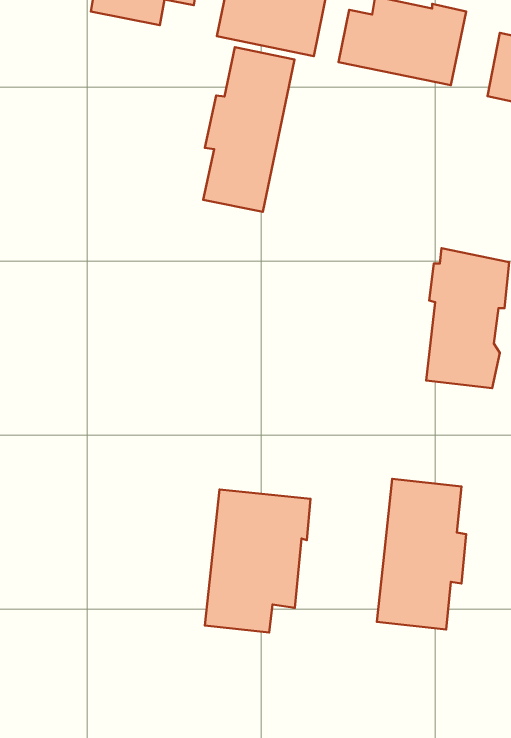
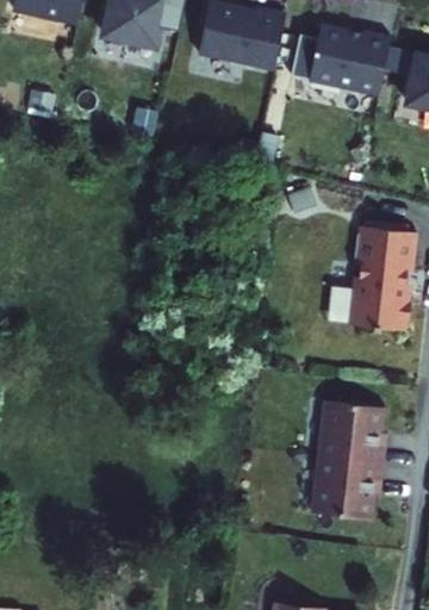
building: [203,47,294,212] -> none
building: [205,489,310,632] -> none

